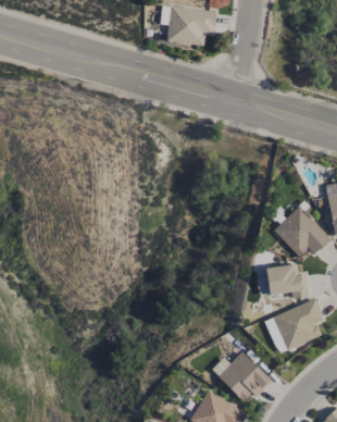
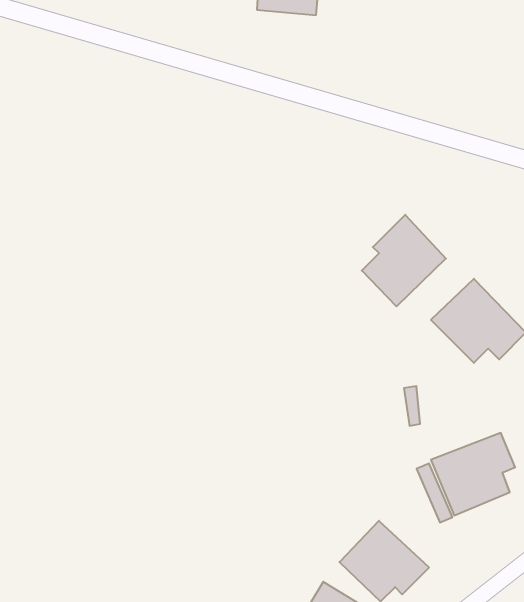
building: none -> [362,215,446,306]
building: [266,264,308,298] -> none

